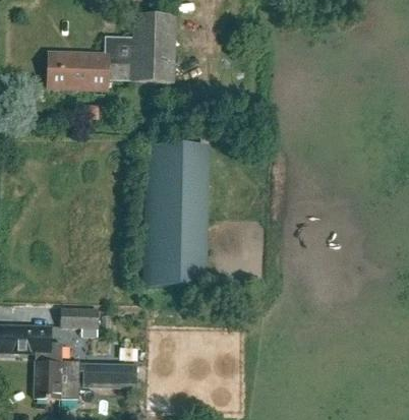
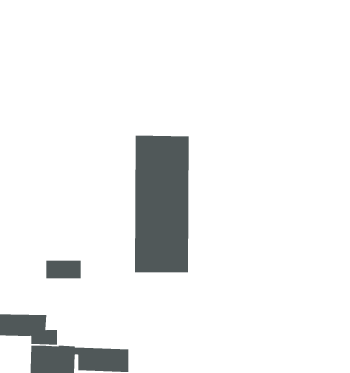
building: [50,13,178,91] -> none
building: [62,307,100,326] -> [45,260,82,279]

